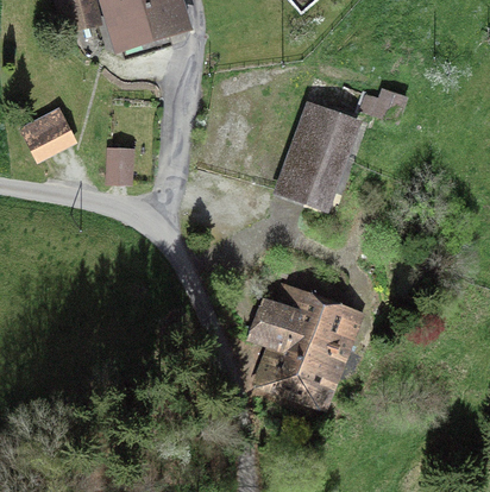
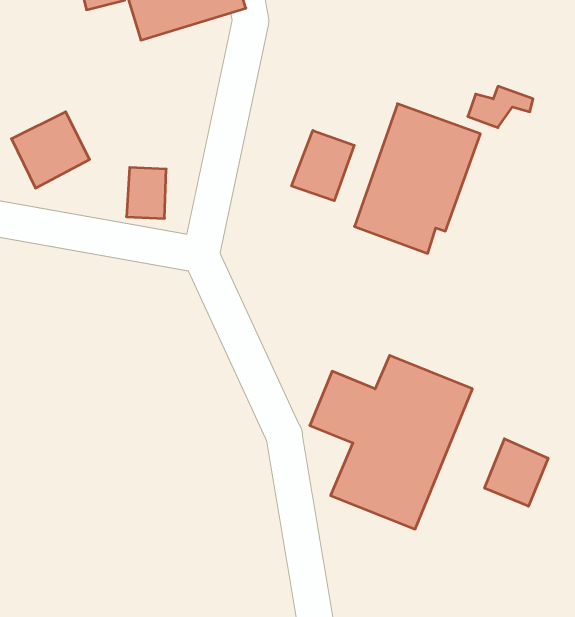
building: none -> [292,130,354,201]
building: none -> [485,439,548,506]

